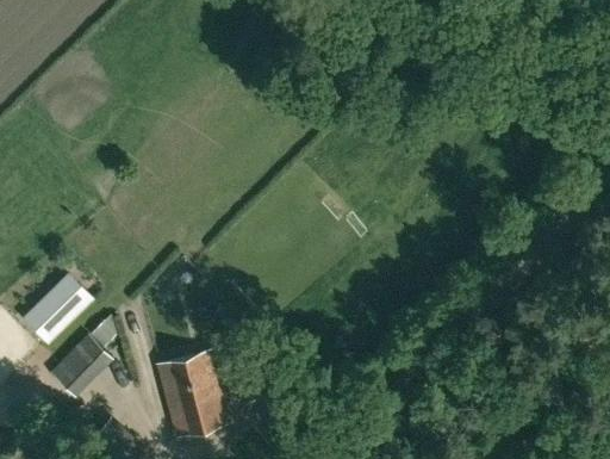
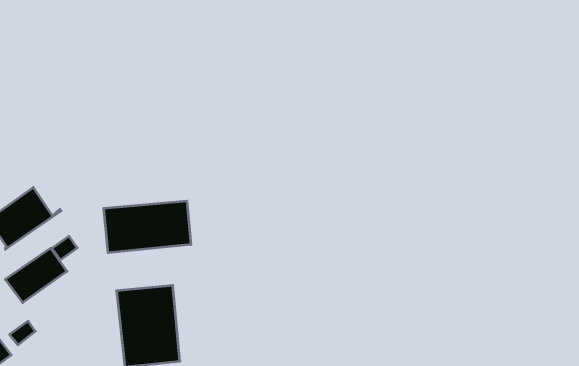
building: none -> [104,201,191,253]

